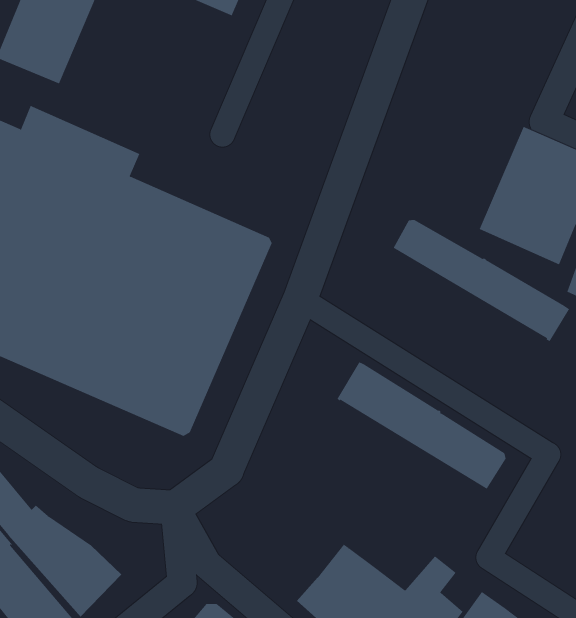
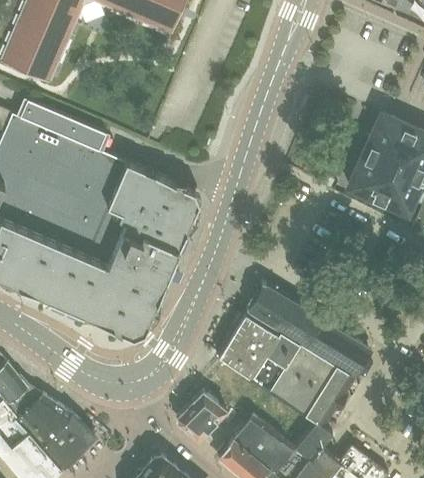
building: [393,219,570,342] -> none
building: none -> [218,316,354,429]
building: none -> [178,394,223,440]

